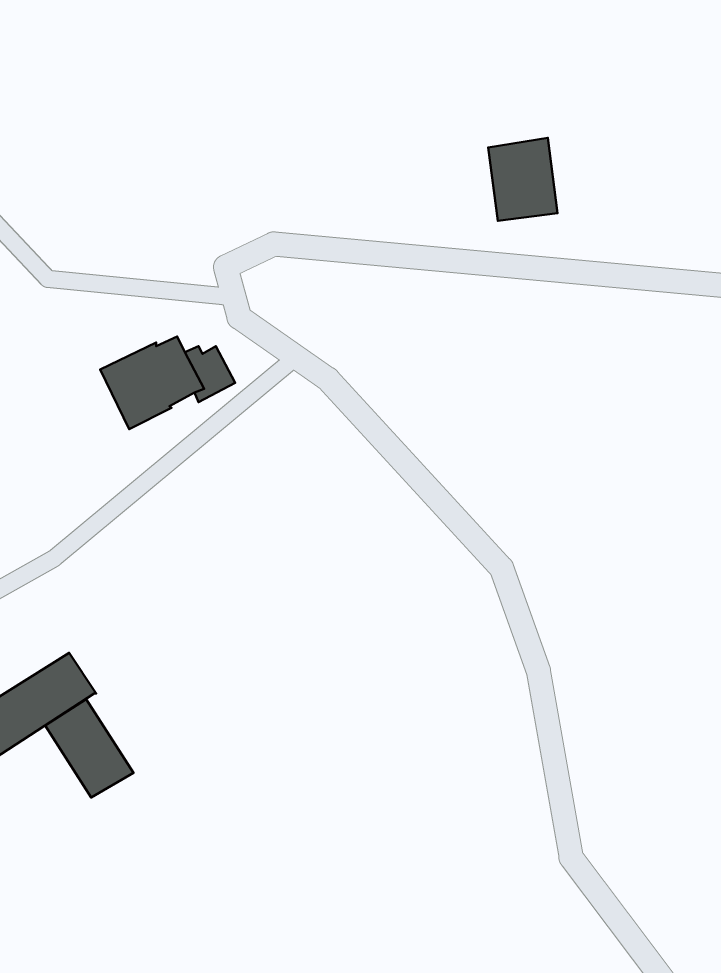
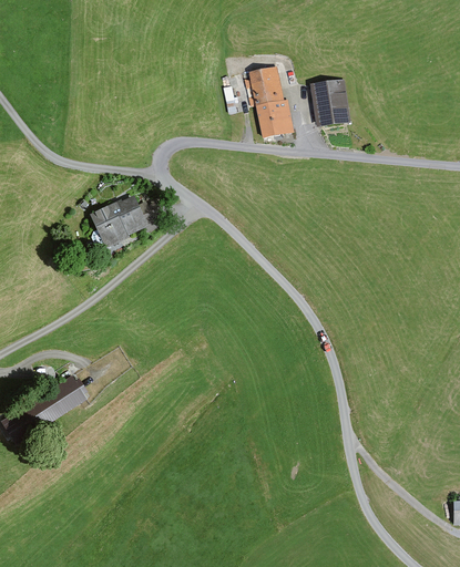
building: none -> [245,65,294,137]
building: [45,699,133,797] -> none

